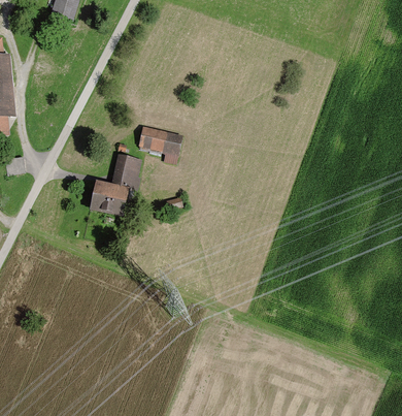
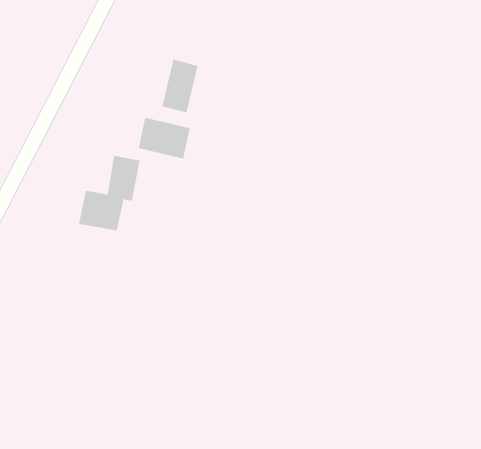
building: none -> [162,59,198,113]

